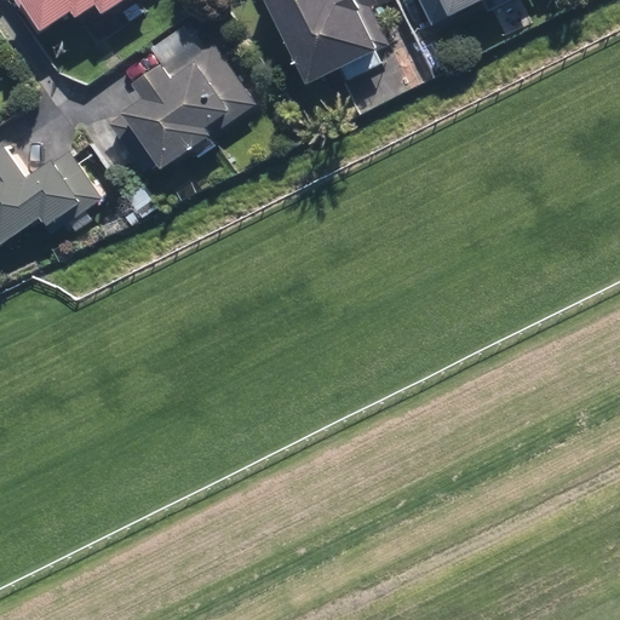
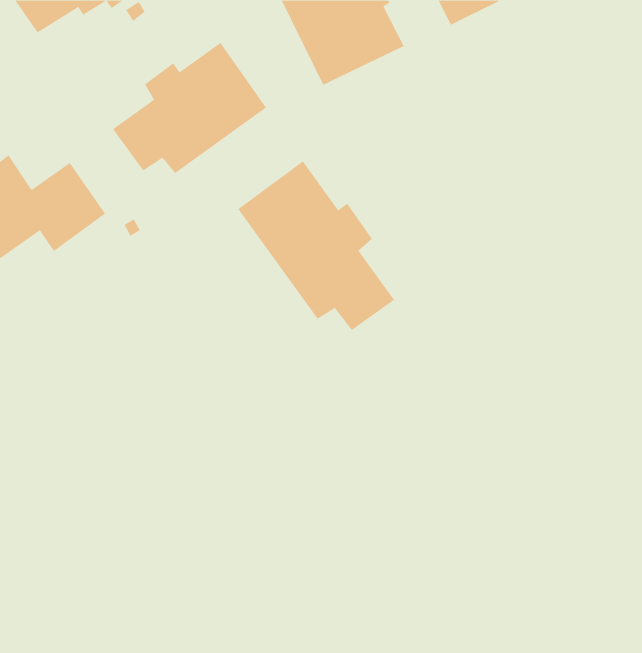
building: none -> [238,161,395,331]

